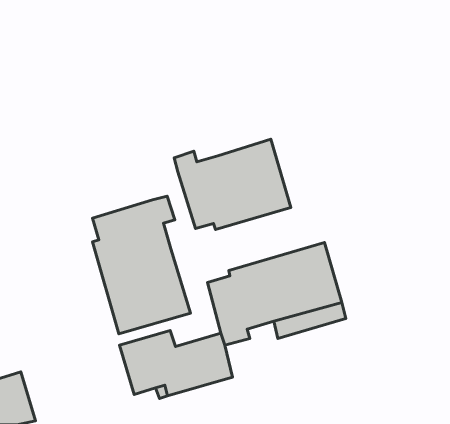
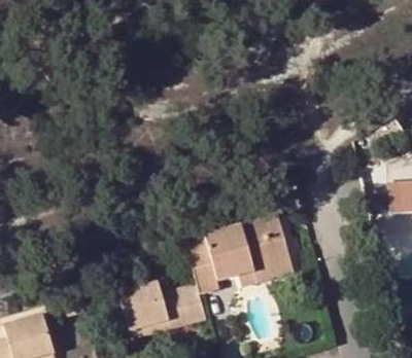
building: [174,139,291,229] -> none
building: [93,196,191,334] -> none

